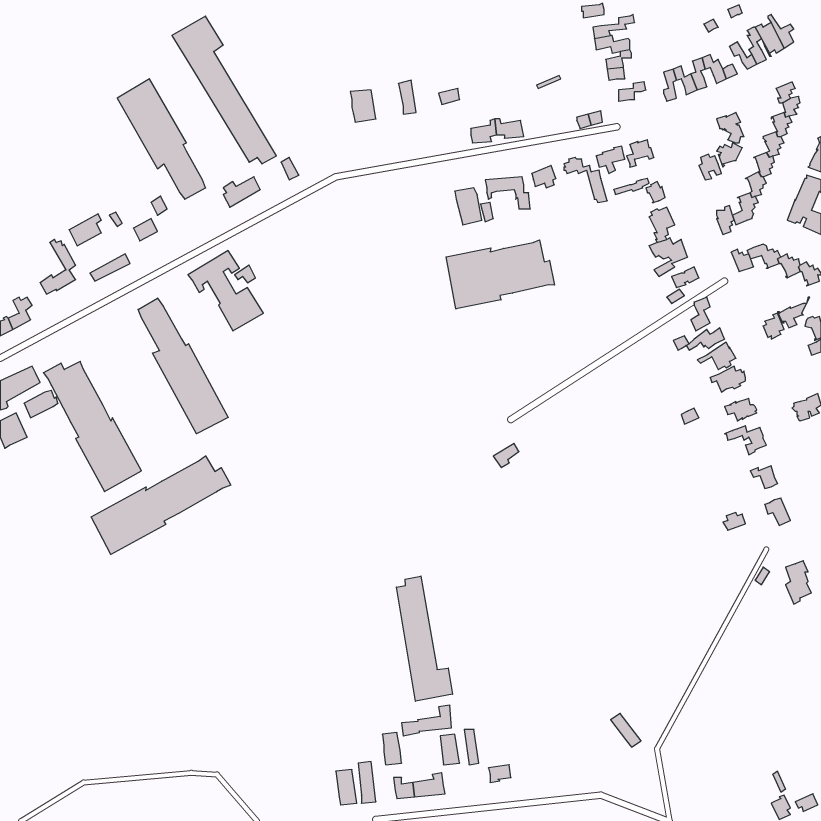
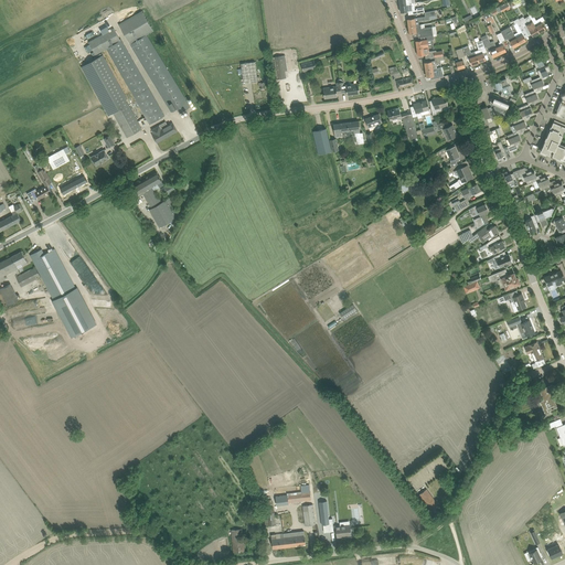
building: none -> [88,28,164,125]
building: [446,240,554,309] -> none
building: [138,298,228,434] -> none
building: [91,456,231,554] -> none
building: [396,576,453,701] -> none

